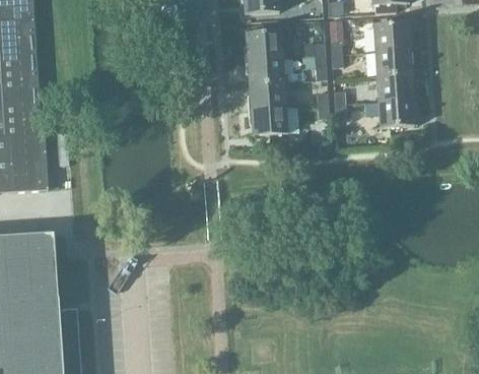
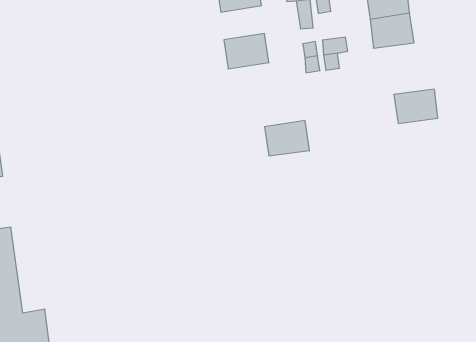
building: [248,56,284,83] -> none
building: [378,98,414,125] -> [394,89,438,123]
building: [251,106,288,134] -> [265,120,310,156]

